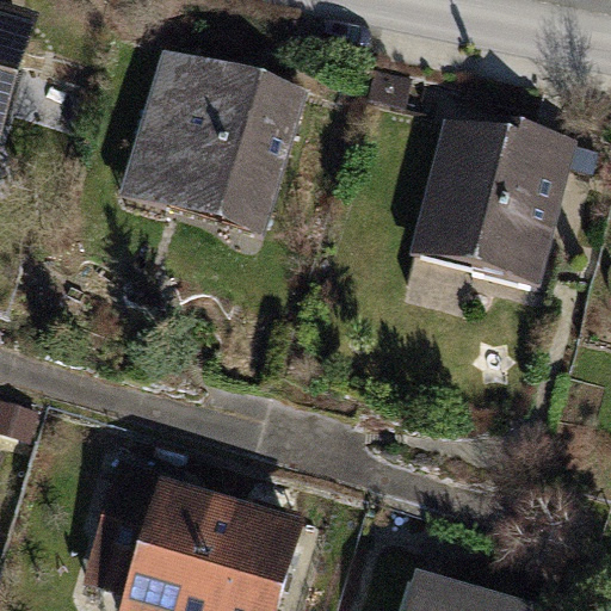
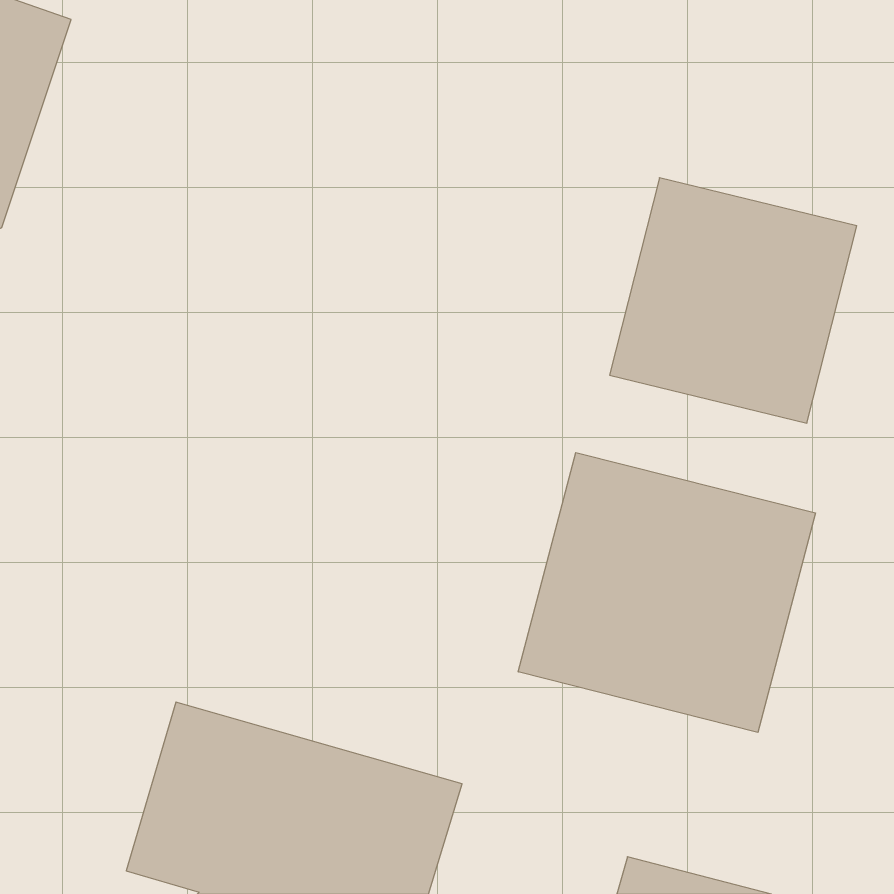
building: [121,51,307,229] -> none
building: none -> [518,453,815,732]

